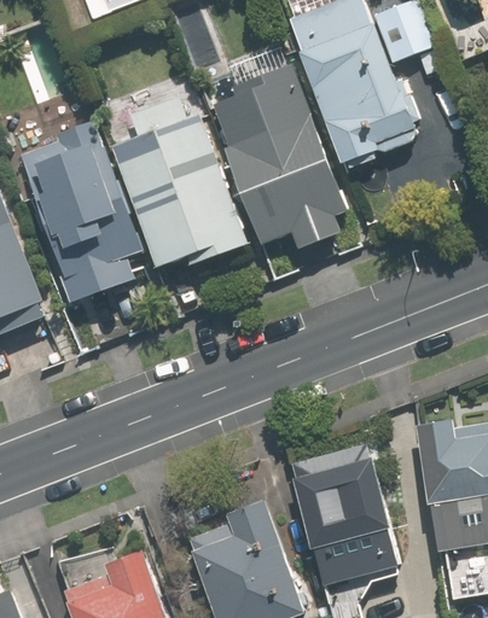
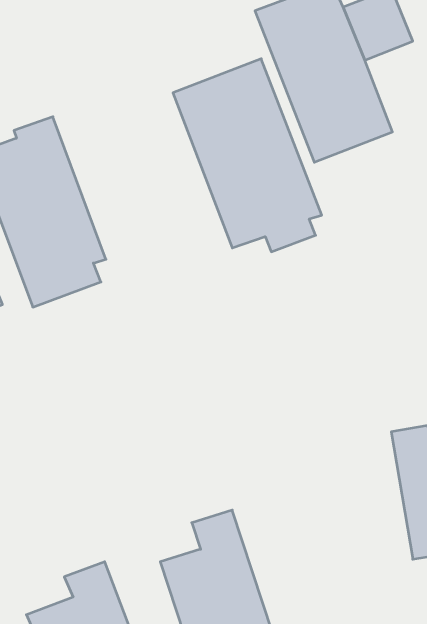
building: [115,115,249,273] -> none
building: [291,444,397,584] -> none

